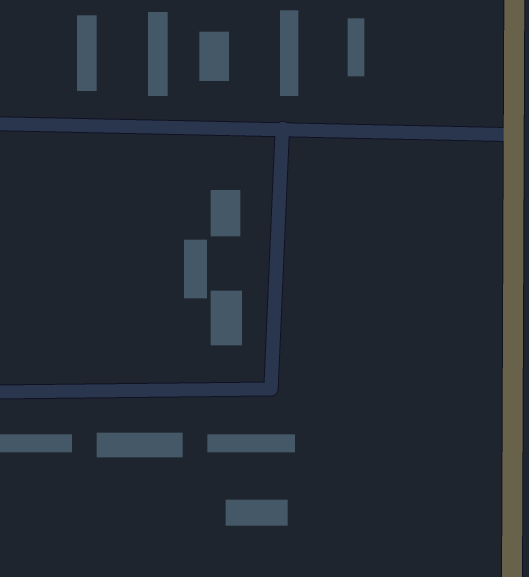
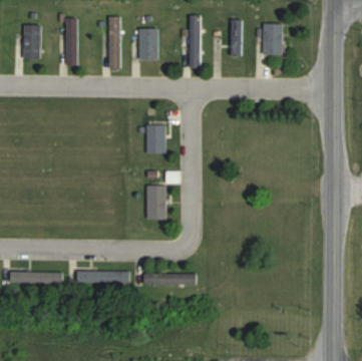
building: none -> [23,24,41,59]
building: none -> [263,24,284,56]
building: [183,239,208,299] -> none
building: [225,499,289,527] -> none

